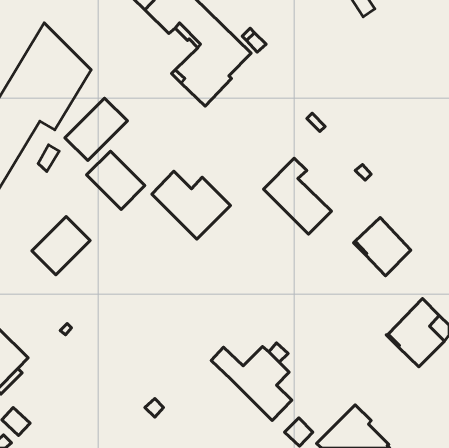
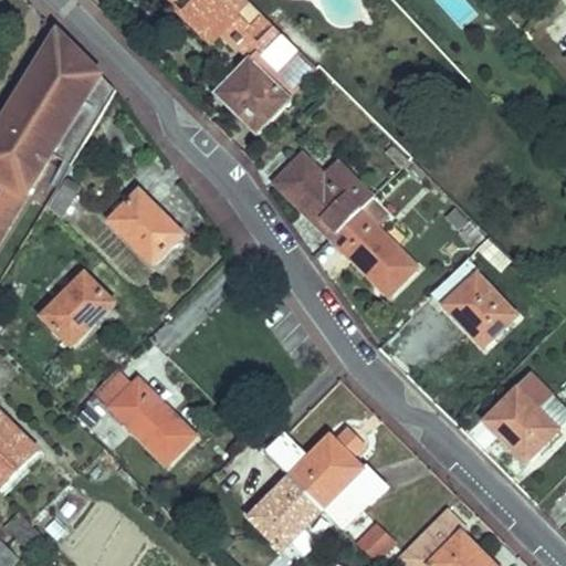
building: [65,98,127,161] -> none
building: [152,171,230,239] -> [273,151,371,237]
building: none -> [93,366,195,462]
building: none -> [248,474,318,547]

